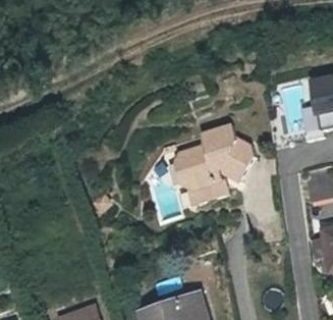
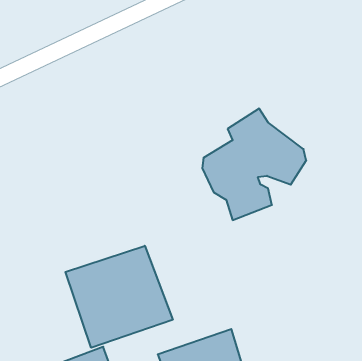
building: none -> [65,246,173,348]

